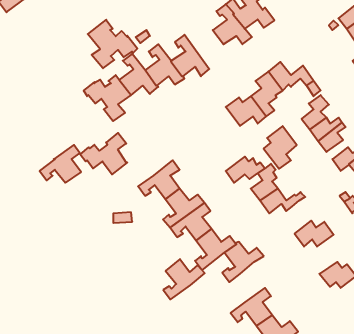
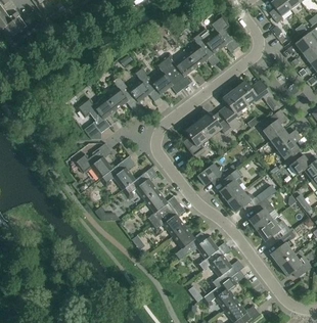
building: [88,20,137,68] -> none
building: none -> [162,51,195,88]
building: [264,126,297,169] -> [181,121,210,157]
building: [40,145,81,183] -> [99,156,135,189]
building: none -> [248,198,274,230]
building: none -> [270,230,295,265]
building: [163,259,205,299] -> [208,255,243,289]

